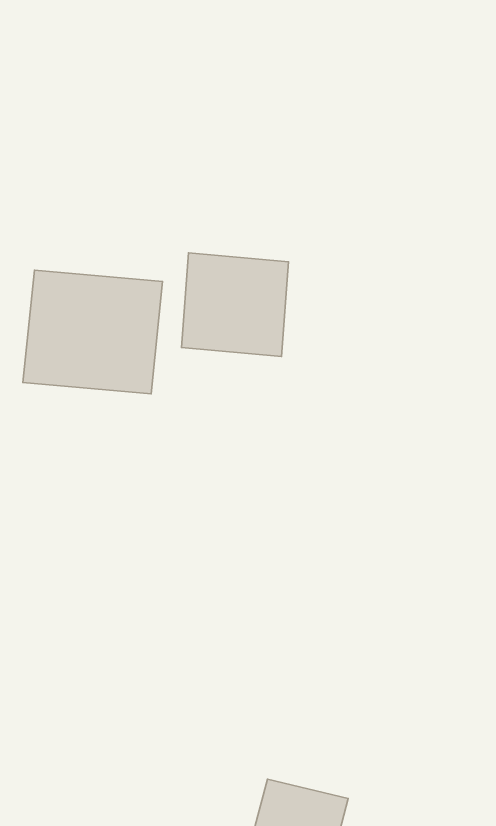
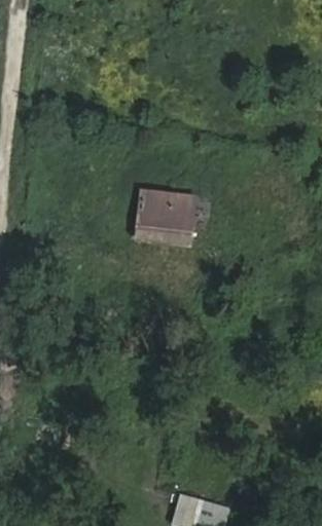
building: [23,270,163,394] -> none

